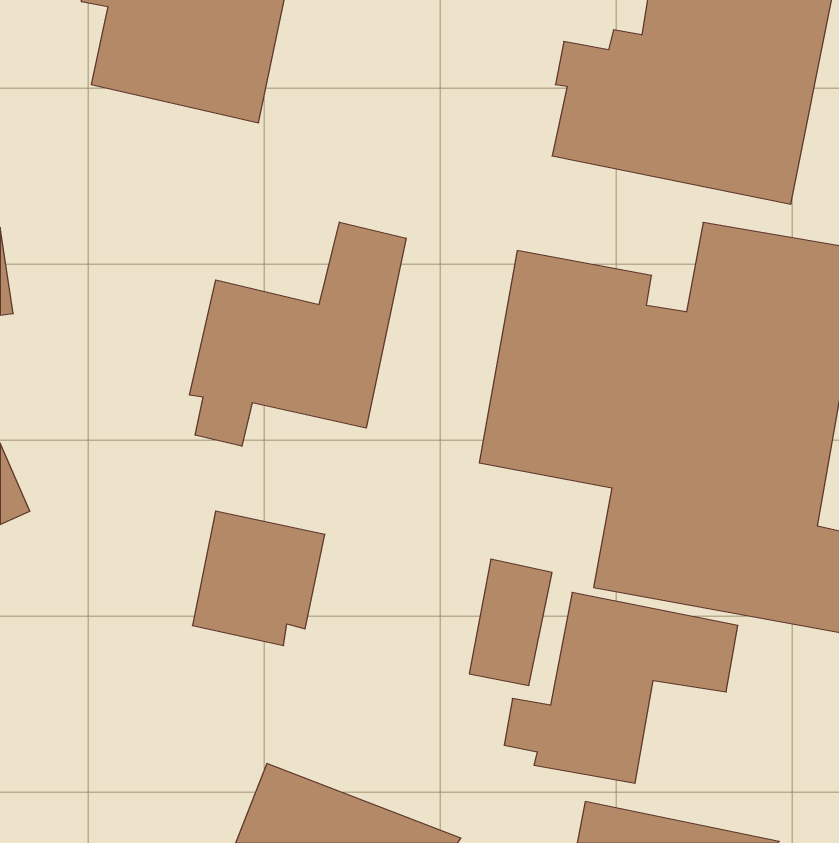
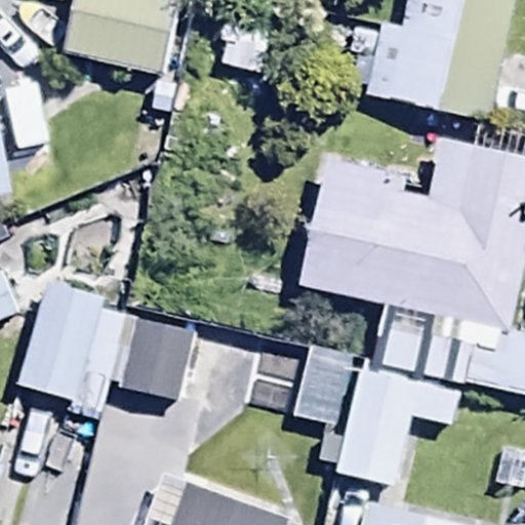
building: [190,222,406,446] -> none
building: none -> [17,279,127,419]

